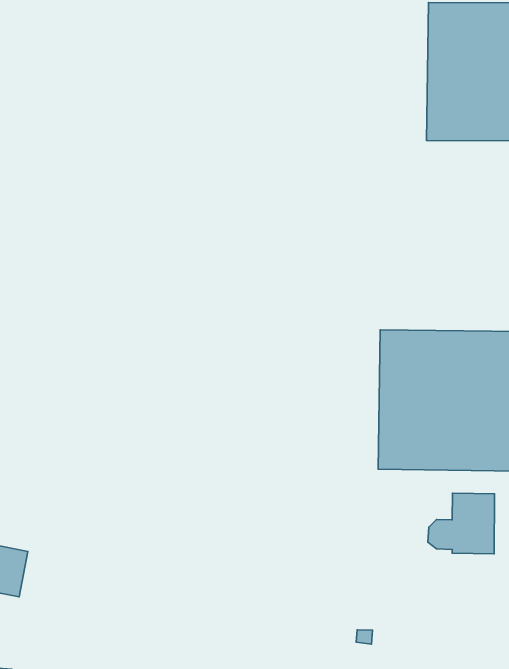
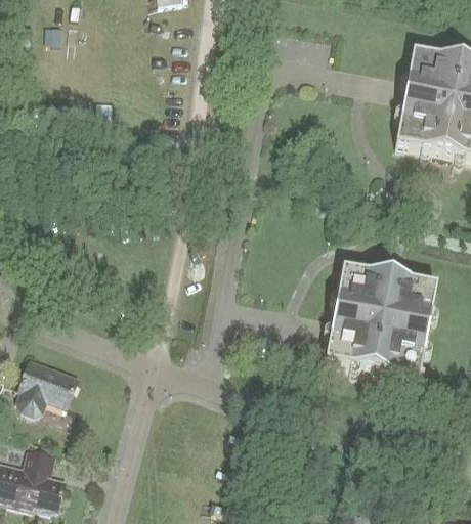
building: [428,493,495,554] -> none

